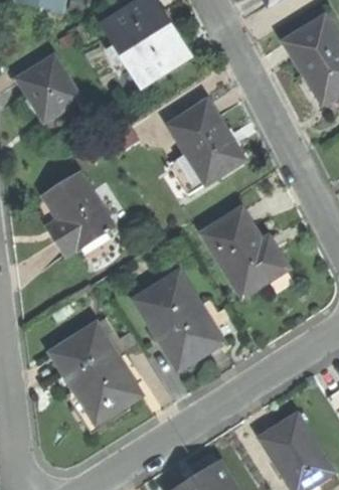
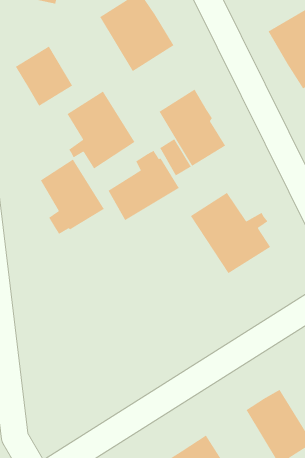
building: none -> [66,90,136,169]
building: none -> [107,150,180,221]
building: [135,273,237,370] -> none
building: [52,325,140,422] -> none

